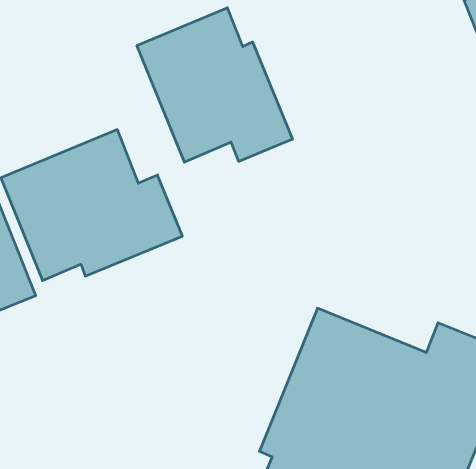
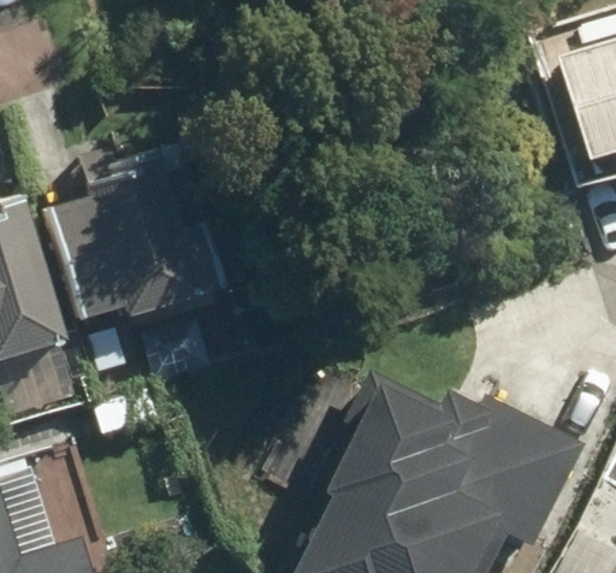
building: [137,8,292,162] -> none

